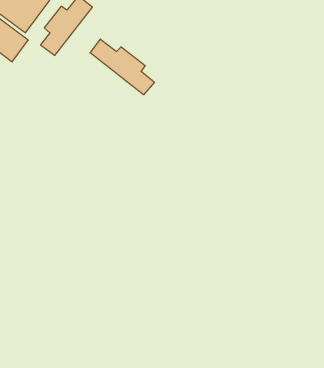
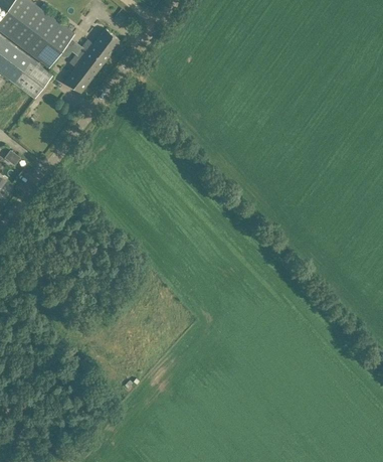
building: [90,39,154,95] -> none

